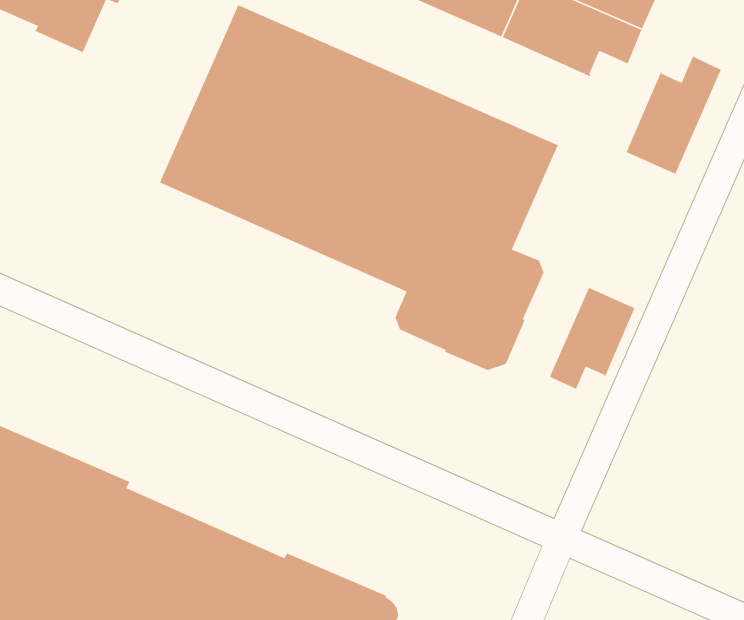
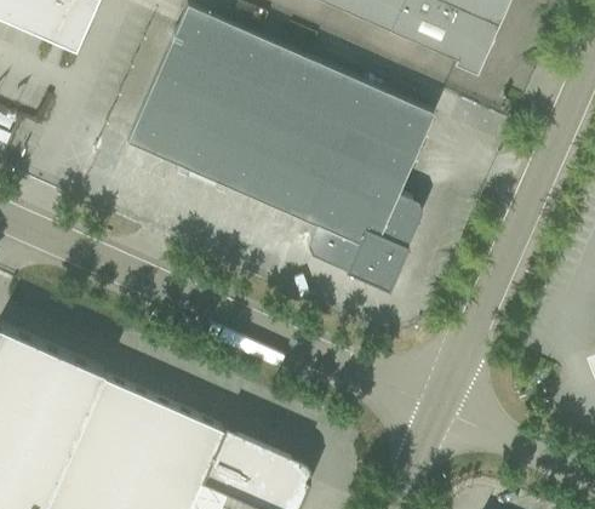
building: [625,56,722,175] -> none
building: [549,287,636,390] -> none

